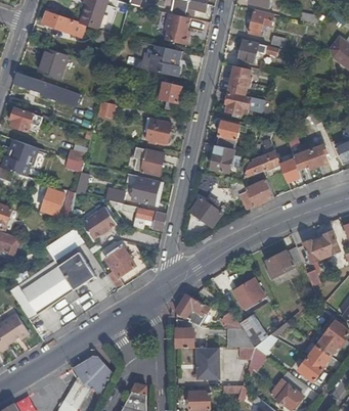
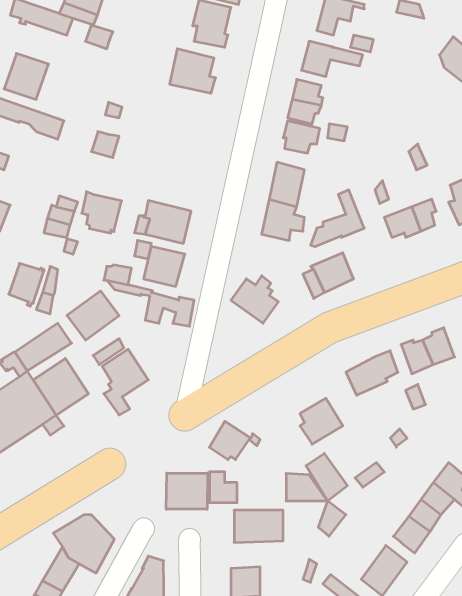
building: [154,79,181,110] -> none
building: [143,117,170,144] -> [82,192,122,233]
building: none -> [166,473,207,509]

